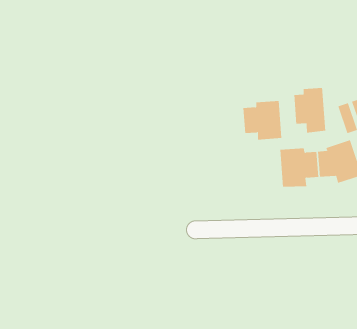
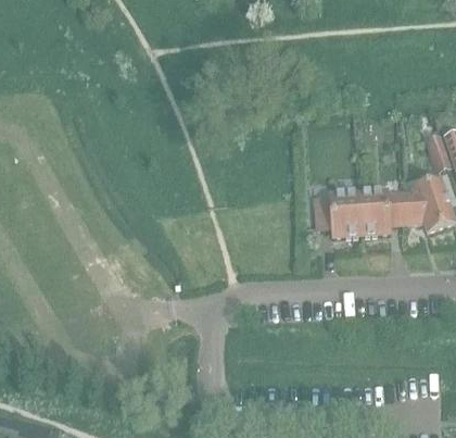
building: [294,87,326,134] -> none
building: [243,100,282,140] -> [314,190,360,237]

